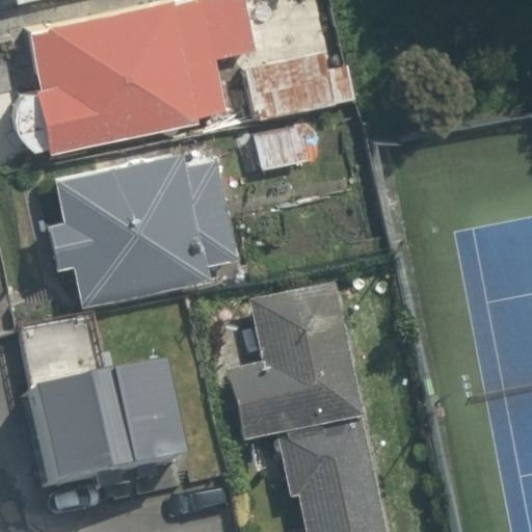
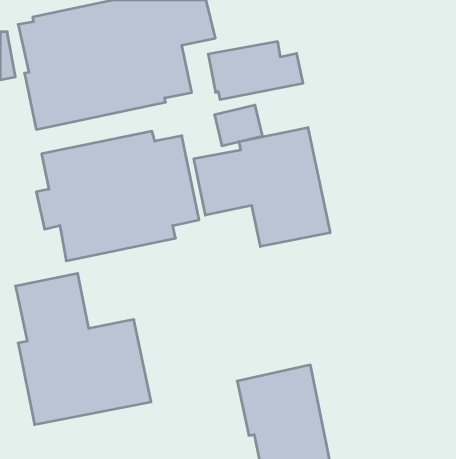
building: none -> [194,127,330,247]
building: [230,290,364,449] -> none

